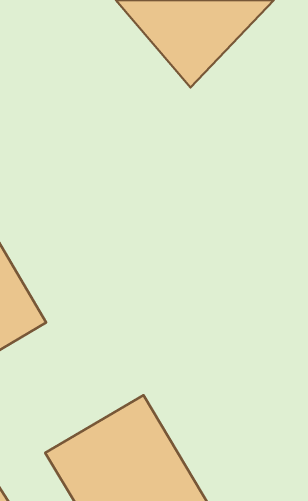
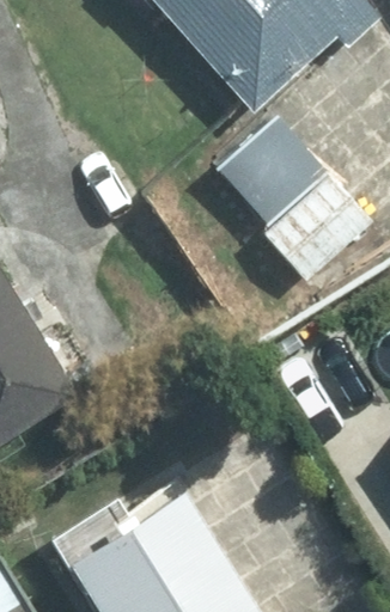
building: none -> [189,108,365,287]

